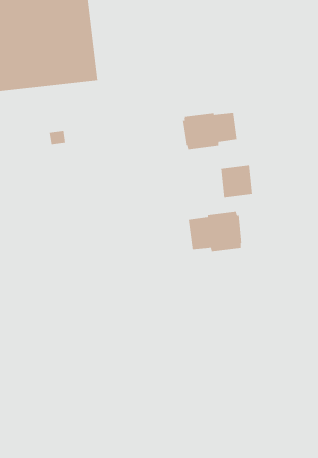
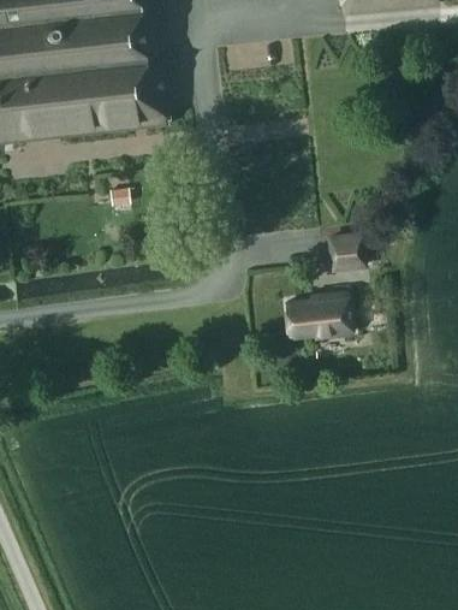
building: [182,112,237,150] -> none

